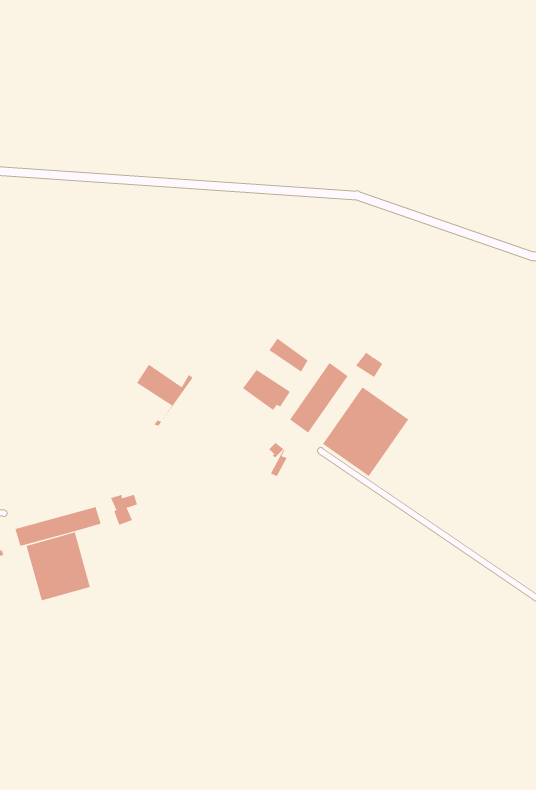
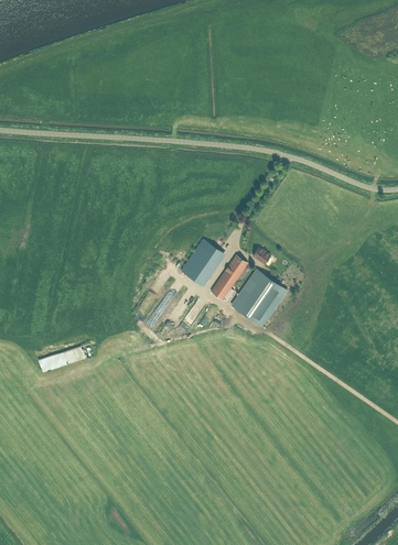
building: [136,364,194,426] -> [189,247,225,286]
building: [26,532,90,601] -> none

